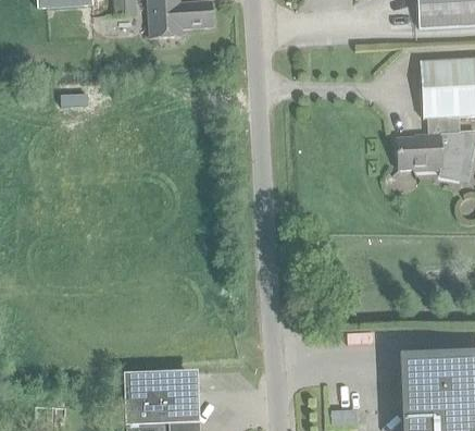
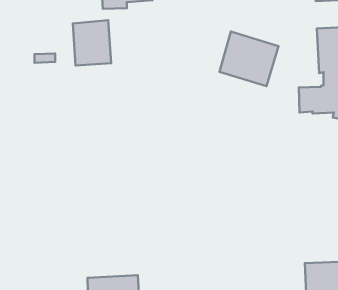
building: none -> [73,20,111,65]
building: none -> [220,32,279,86]

